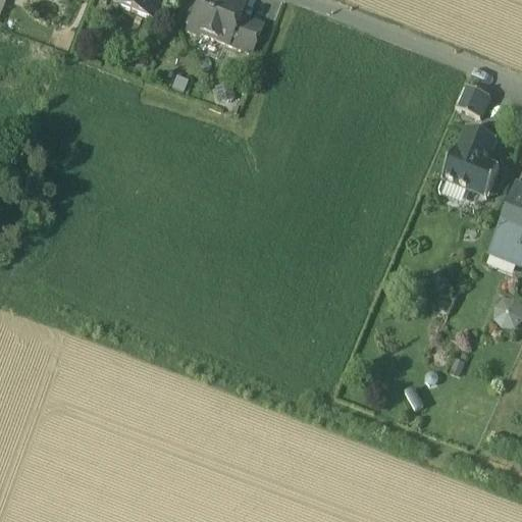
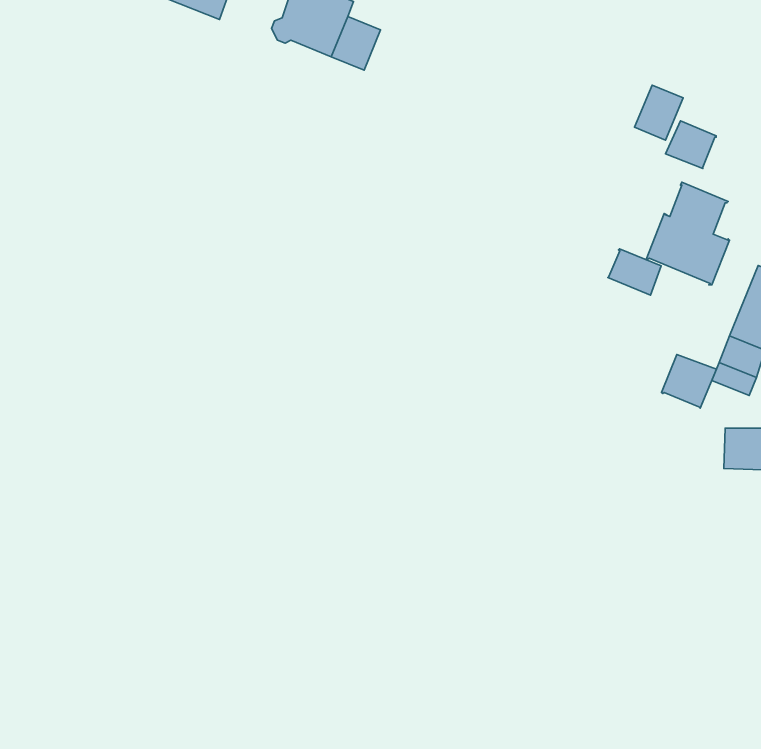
building: none -> [635,85,683,140]
building: none -> [608,249,661,295]
building: none -> [662,354,717,408]

